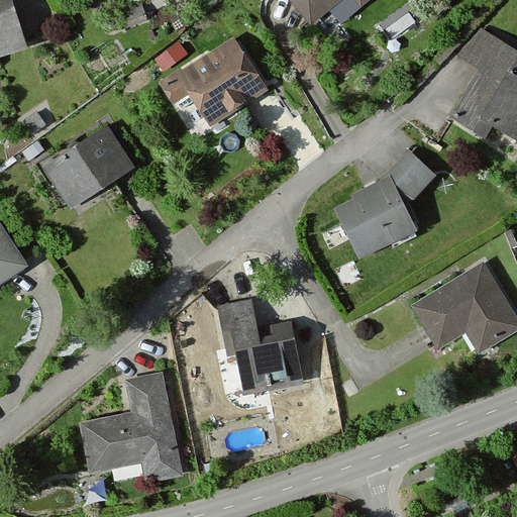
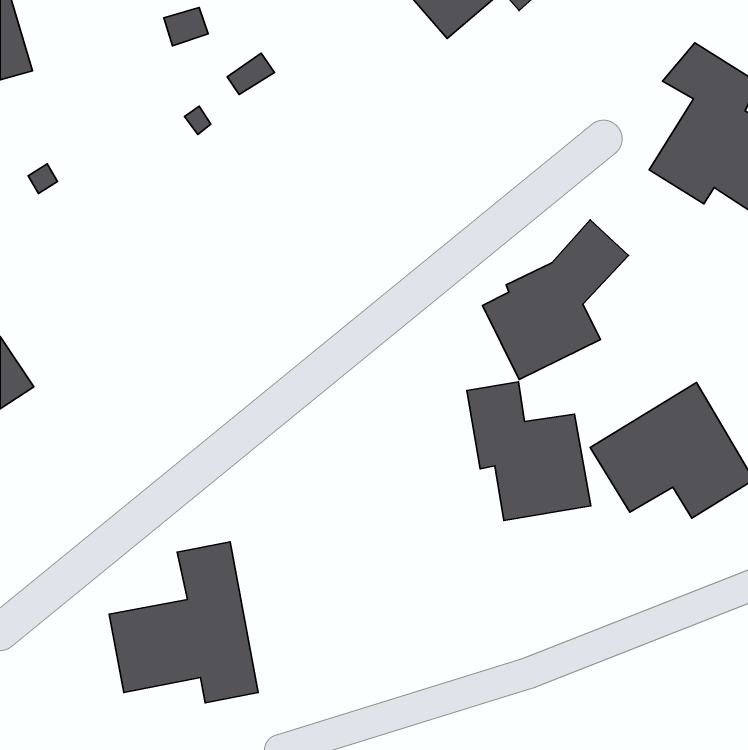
building: [159,37,266,127] -> none
building: [43,126,134,208] -> none
building: [217,300,302,395] -> [467,382,591,521]

